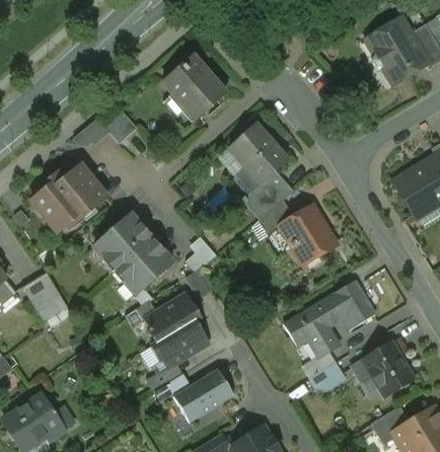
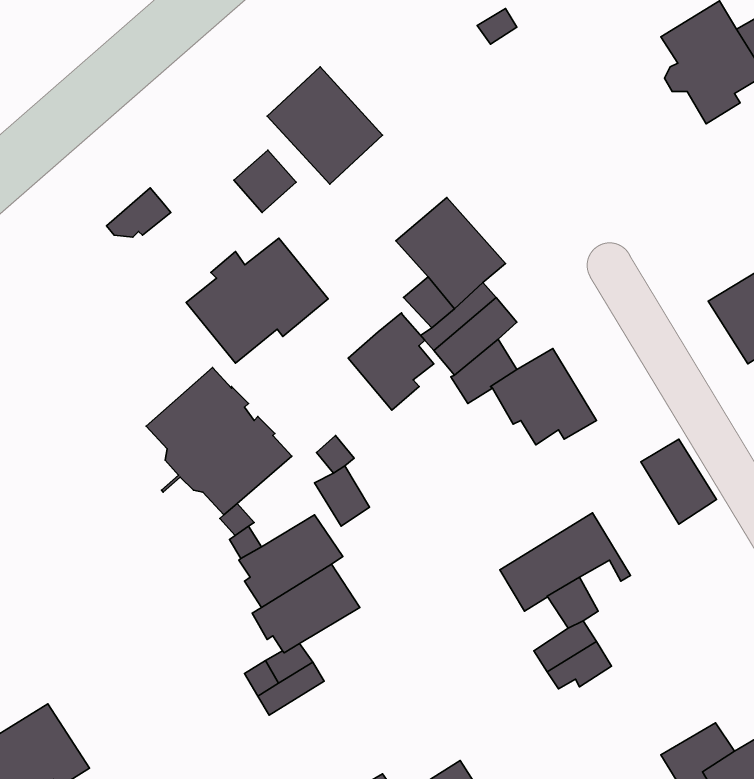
building: [103,110,137,144] -> [234,150,296,212]
building: [30,165,106,232] -> [186,238,328,363]
building: none -> [348,313,434,410]
building: [26,273,67,318] -> none
building: [334,281,374,326] -> [641,439,717,524]
building: [352,342,414,396] -> none
building: [173,369,234,422] -> none

